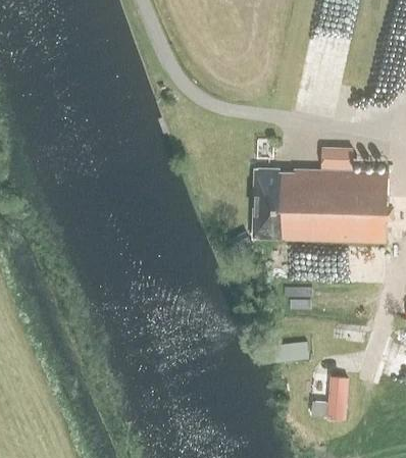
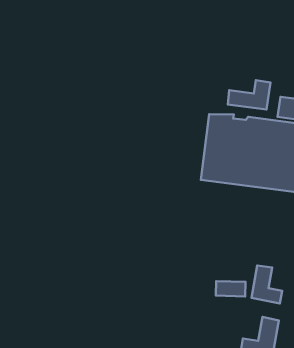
building: none -> [228,80,271,110]
building: none -> [251,265,282,303]

